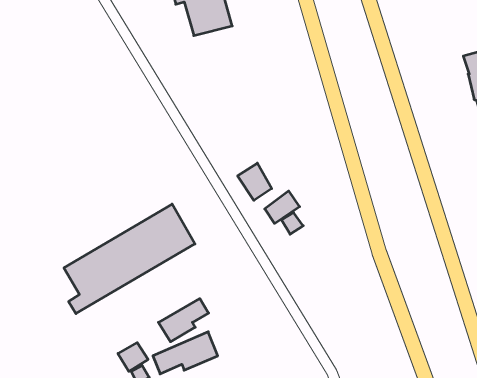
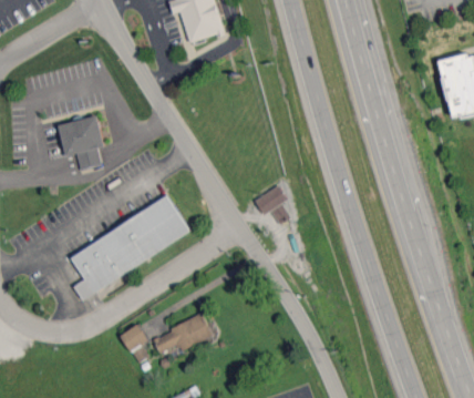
building: none -> [58,115,103,170]
building: [238,163,272,200] -> none
building: [158,299,209,342] -> none

